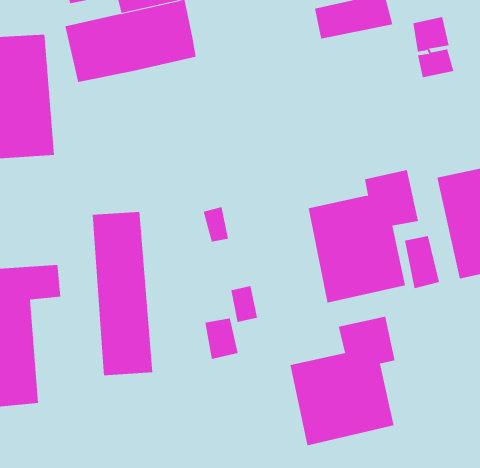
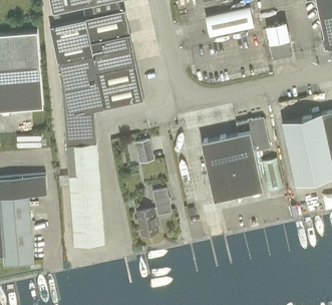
building: none -> [58,44,144,142]
building: [290,316,395,446] -> none

